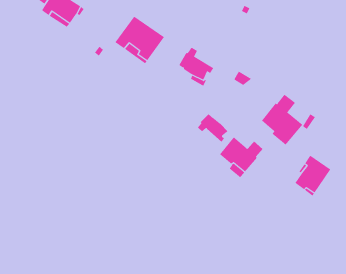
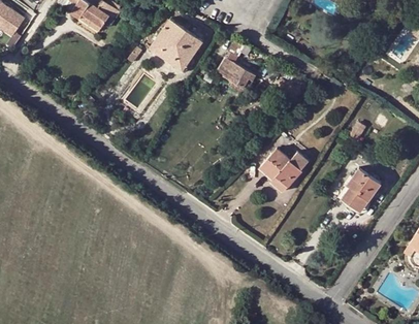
building: [261,94,303,145] -> none
building: [197,114,228,142] -> none

